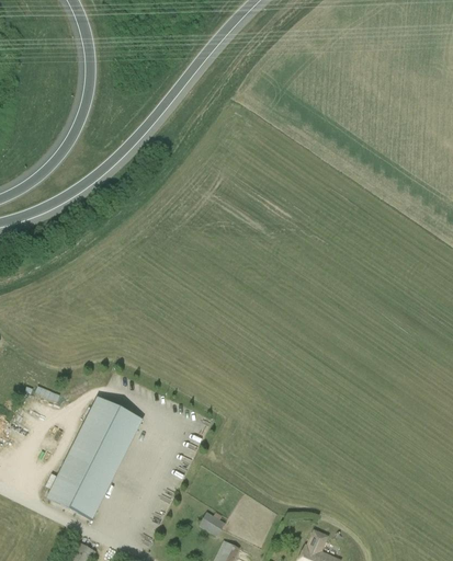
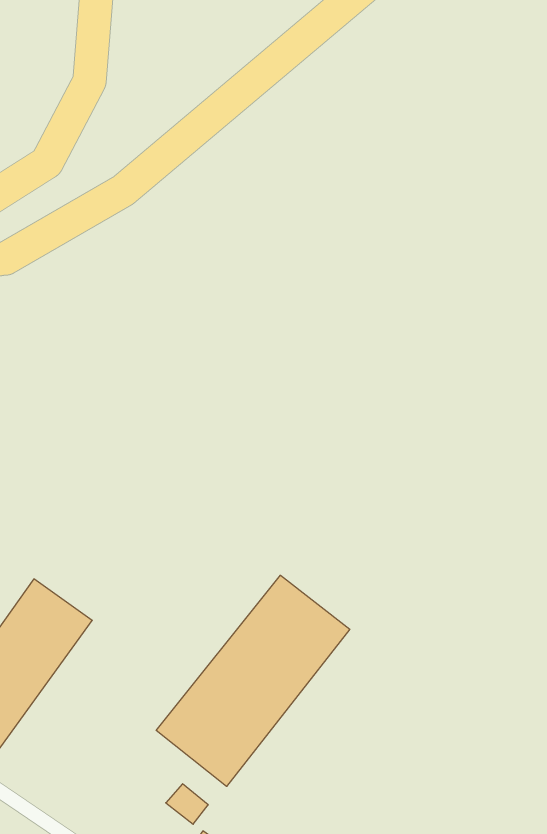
building: none -> [156,575,350,786]

